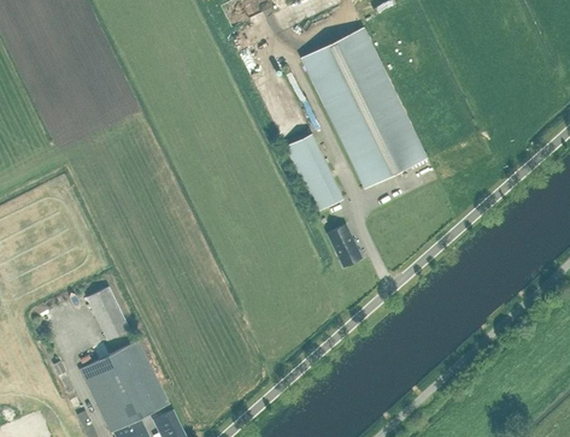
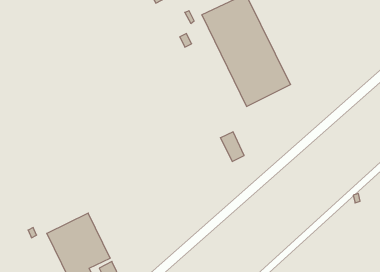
building: [284,132,342,211] -> none
building: [87,285,130,339] -> none

